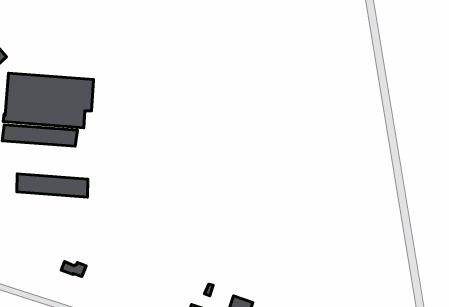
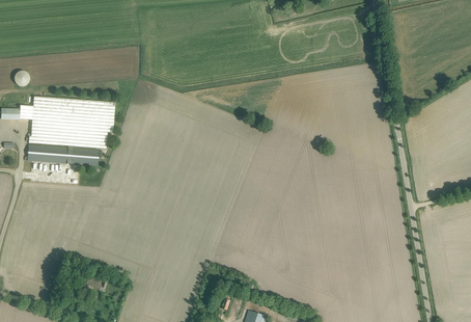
building: [17,174,88,197] -> none

